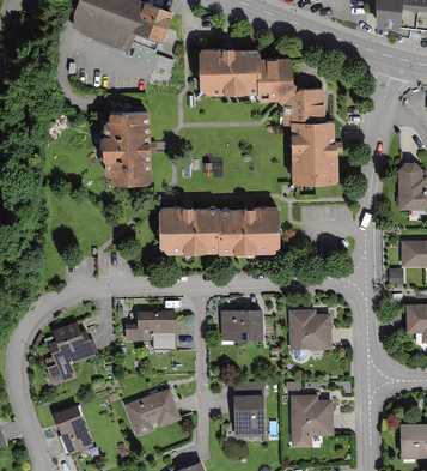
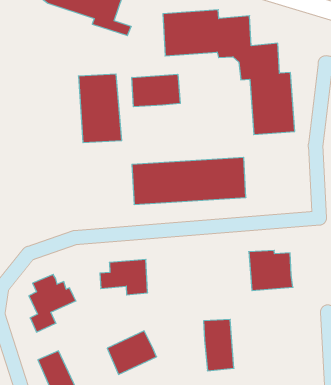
building: none -> [132,74,180,107]
building: [219,310,262,339] -> none
building: [289,397,333,448] -> none

